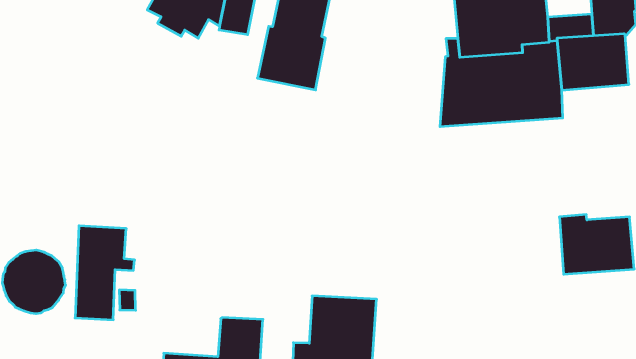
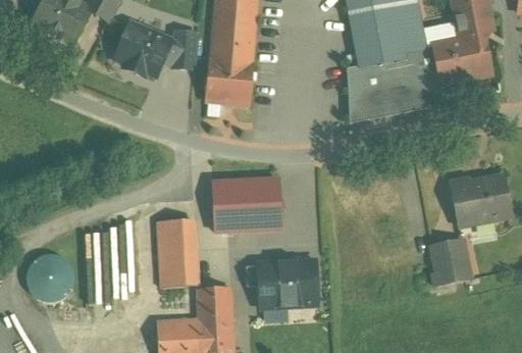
building: none -> [212,178,282,230]
building: none -> [157,218,195,286]
building: none -> [431,238,470,285]

